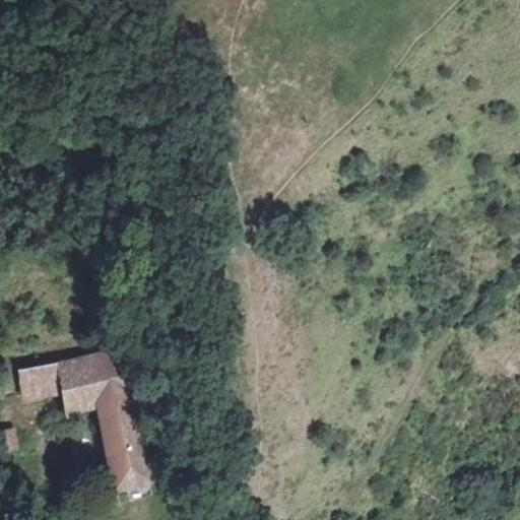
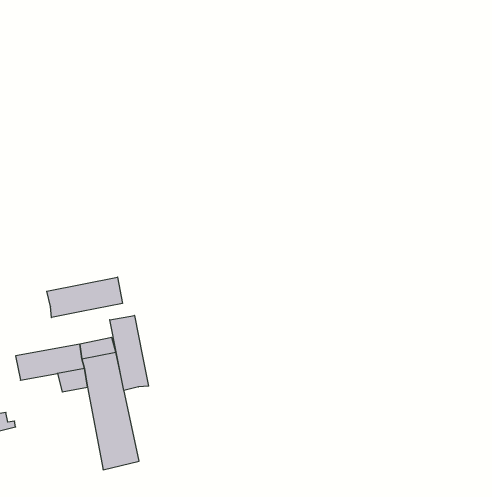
building: none -> [47,277,122,318]
building: none -> [110,315,149,391]

